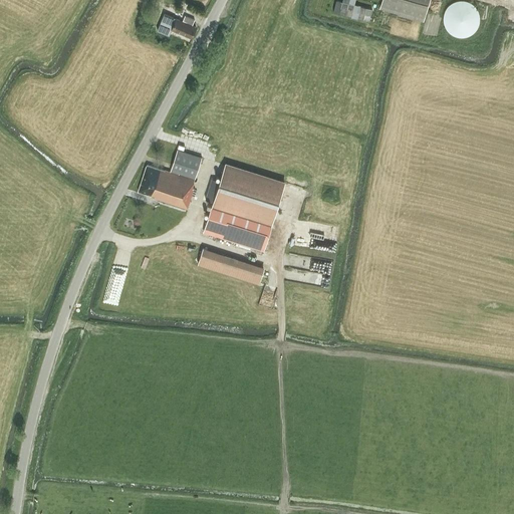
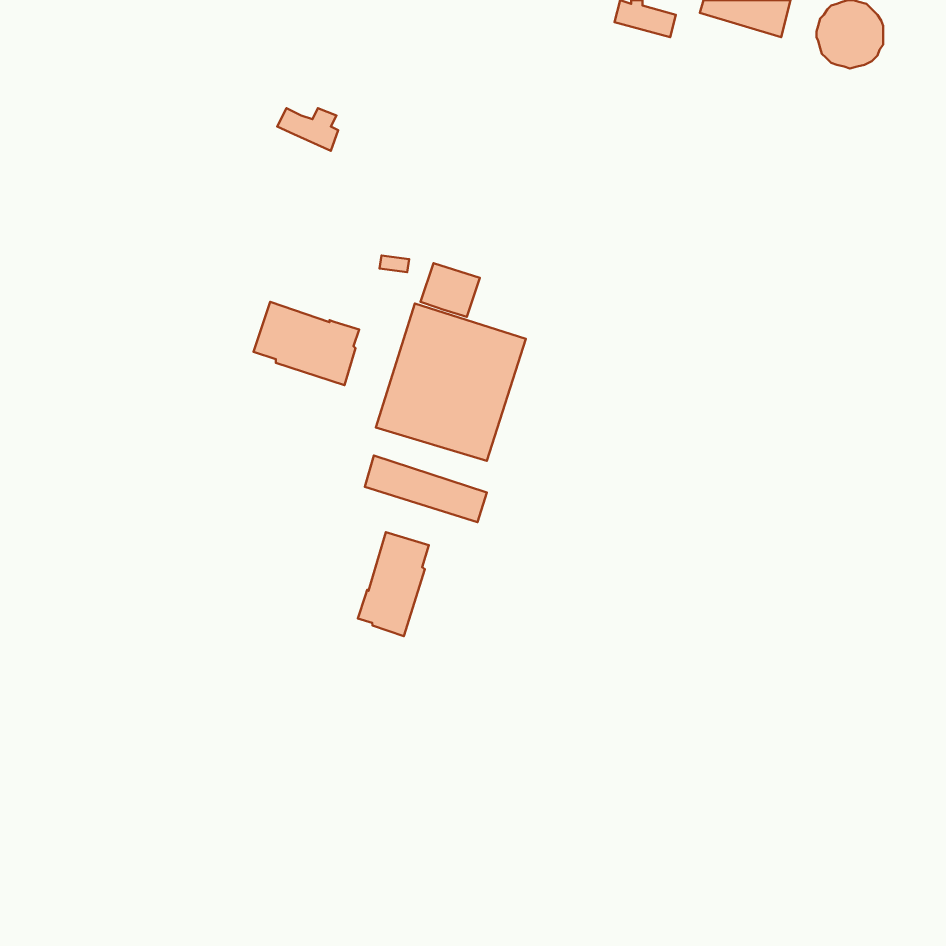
building: [163,15,196,38] -> [277,108,338,151]
building: [170,150,202,179] -> [420,263,480,317]
building: none -> [358,532,429,636]

